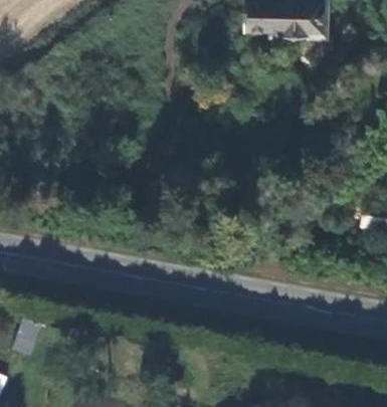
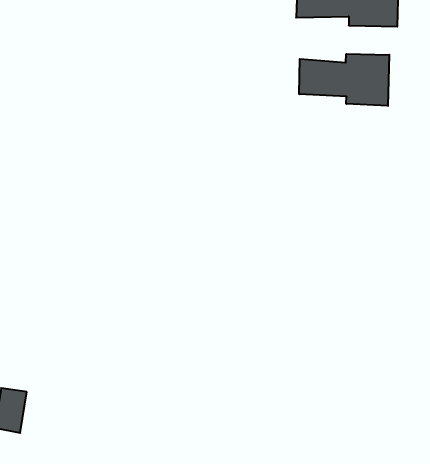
building: none -> [299,54,389,106]

